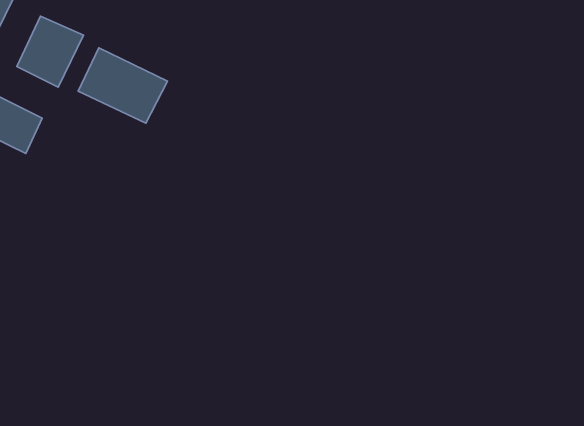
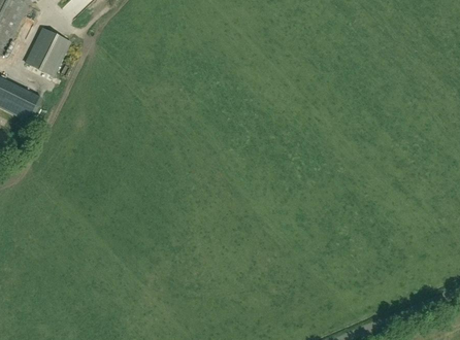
building: [78,48,167,123] -> none

